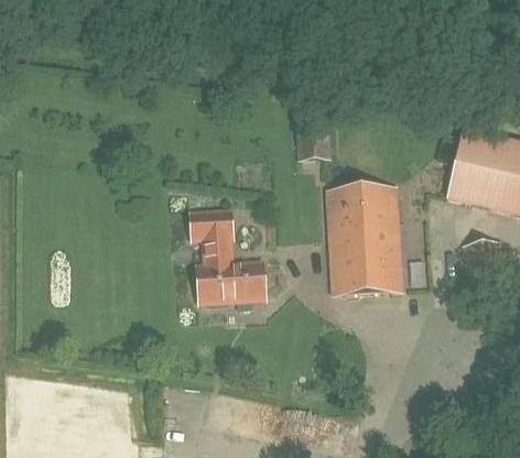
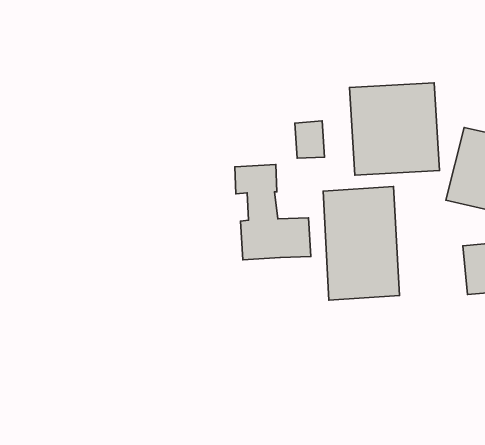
building: none -> [349,83,440,175]
building: [191,210,264,303] -> [235,164,311,260]

